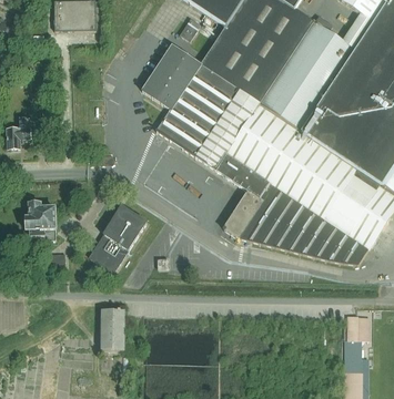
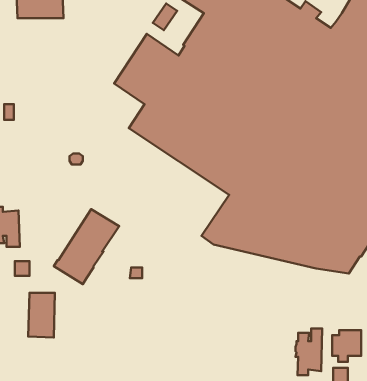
building: [101,308,125,349] -> [28,293,55,338]
building: none -> [295,328,322,375]

